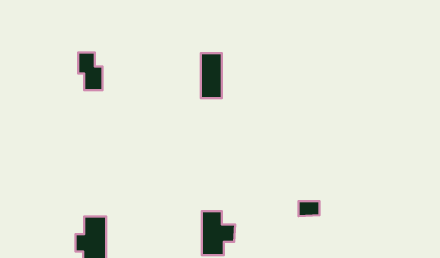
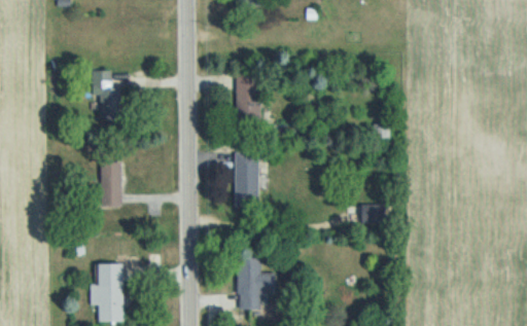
building: none -> [235,151,258,206]
building: none -> [100,161,121,206]
building: [299,201,320,216] -> [359,205,384,222]

